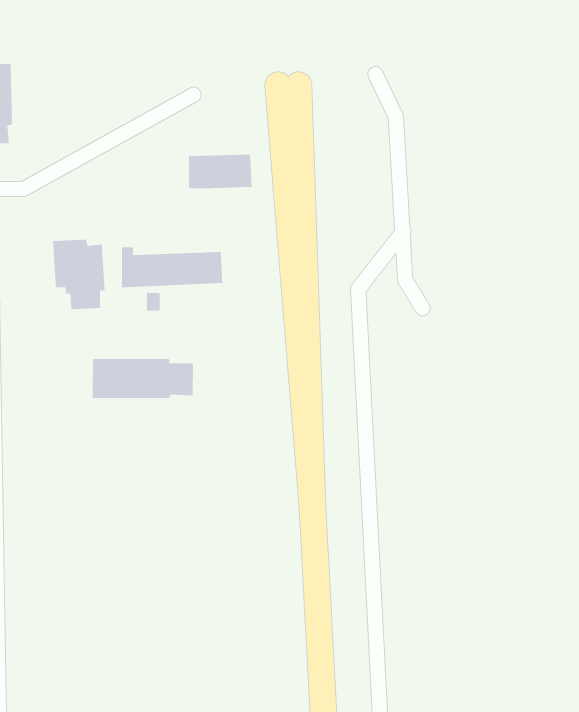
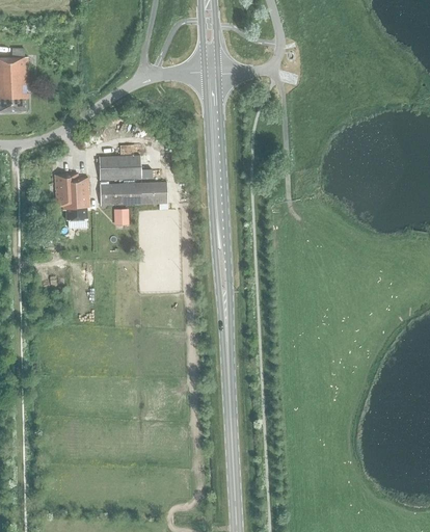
building: [188,154,252,189] -> [99,155,141,178]
building: [92,358,194,399] -> none

